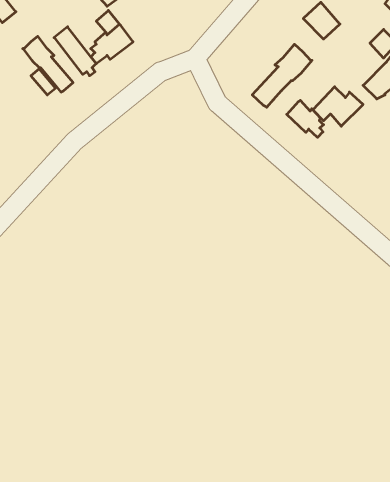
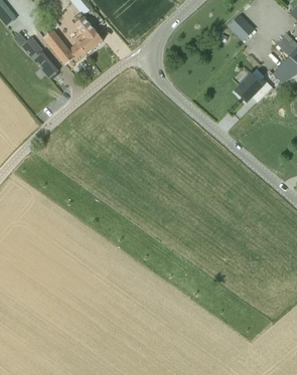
building: [252,44,312,107] -> none
building: [287,100,324,137] -> none

